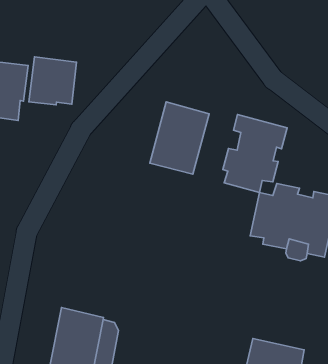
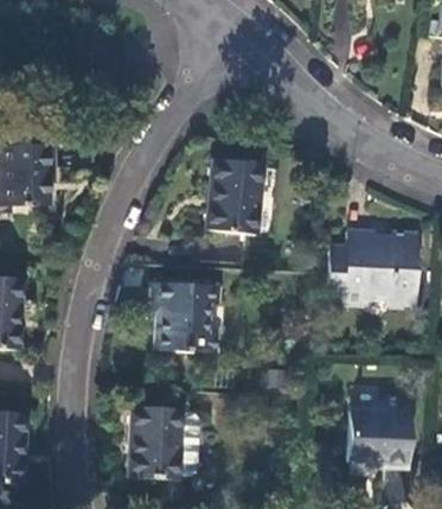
building: [29,57,76,105] -> none
building: [223,115,287,192] -> none
building: none -> [152,284,222,352]

